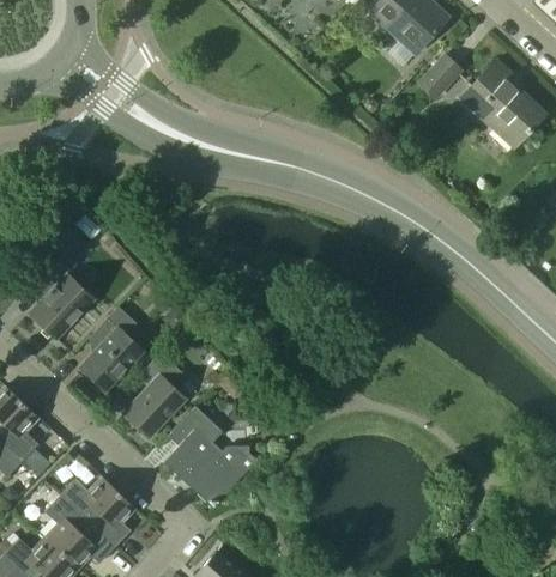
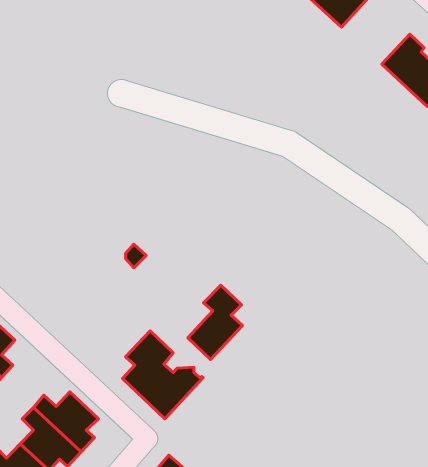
building: [419,55,461,98] -> none
building: [29,253,93,339] -> none
building: [80,306,151,390] -> none
building: [122,352,186,438] -> [188,285,243,360]

